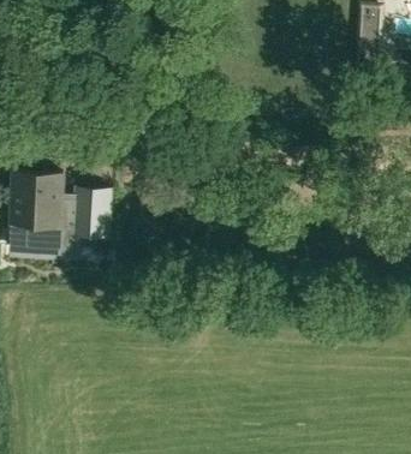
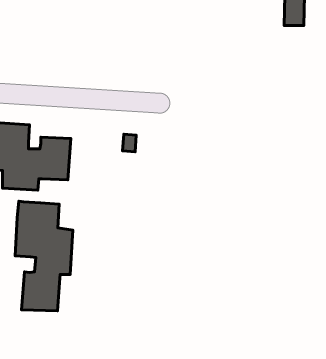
building: none -> [15,201,73,311]

